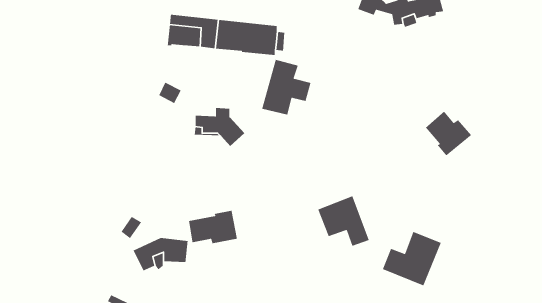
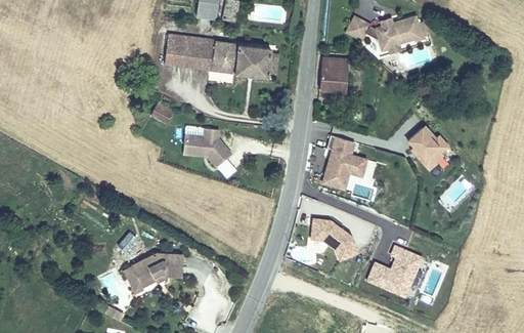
building: none -> [322,57,351,90]
building: [261,59,312,116] -> [320,135,368,190]
building: [188,210,238,244] -> none

